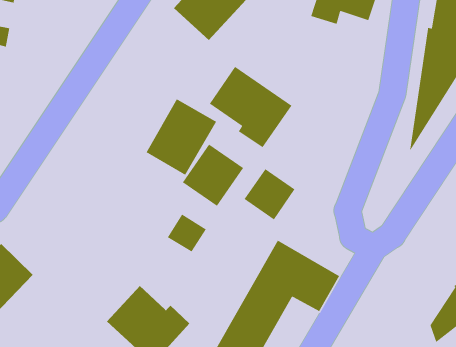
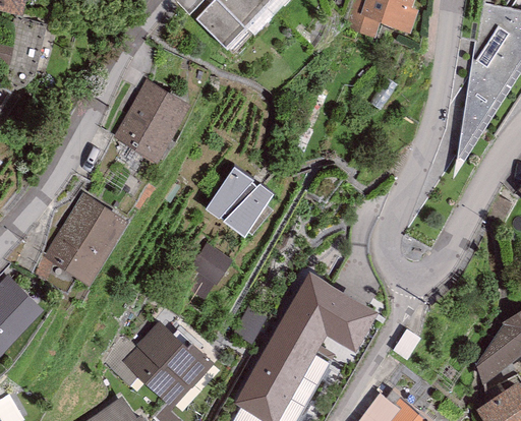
building: [209,66,292,148] -> none
building: [146,98,217,176] -> [112,79,190,164]
building: none -> [43,193,128,286]
building: [244,168,296,221] -> none

